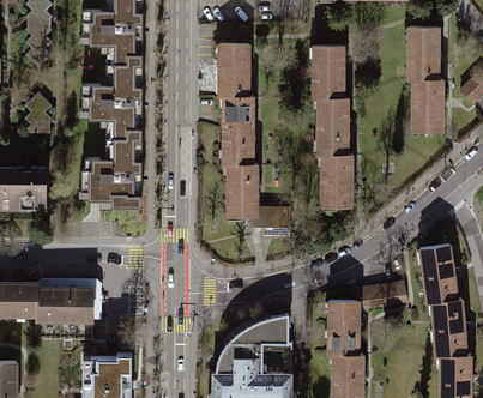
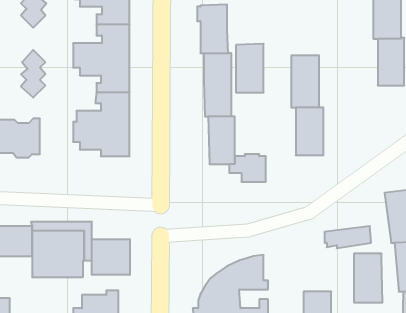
building: [314,47,344,99] -> [236,44,264,93]
building: none -> [92,239,130,275]
building: [326,302,357,355] -> [354,254,383,302]

